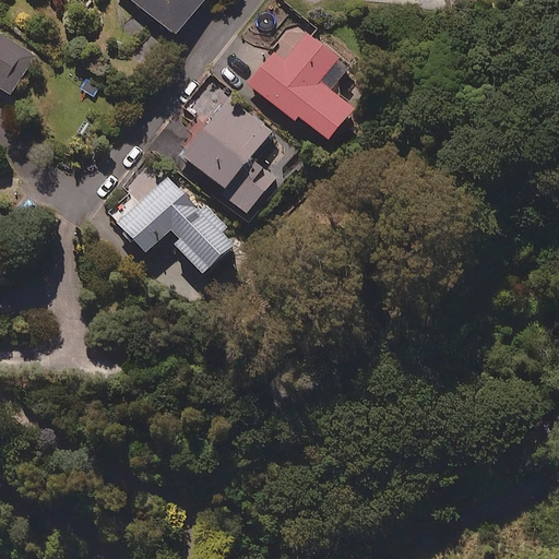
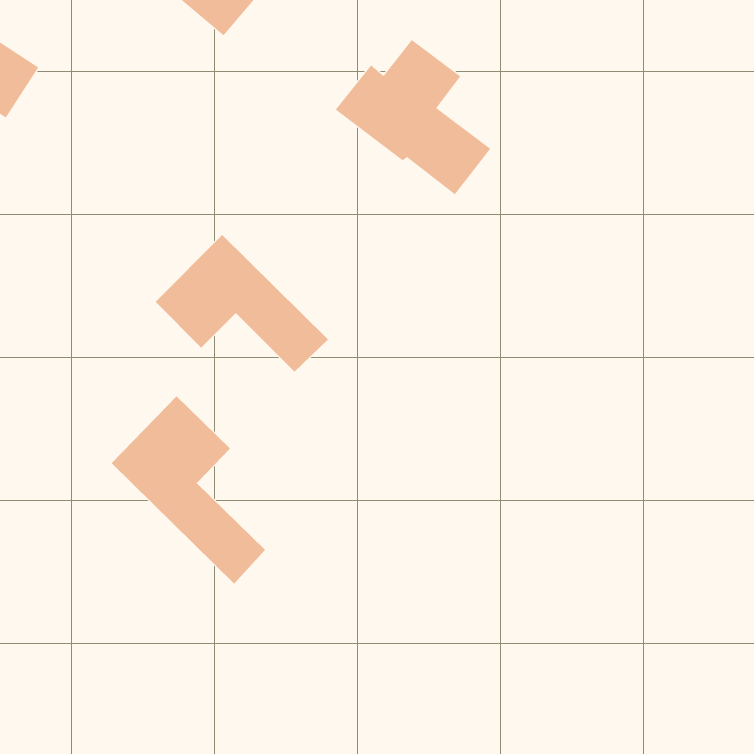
building: [173,93,300,219] -> none
building: none -> [111,396,266,585]

